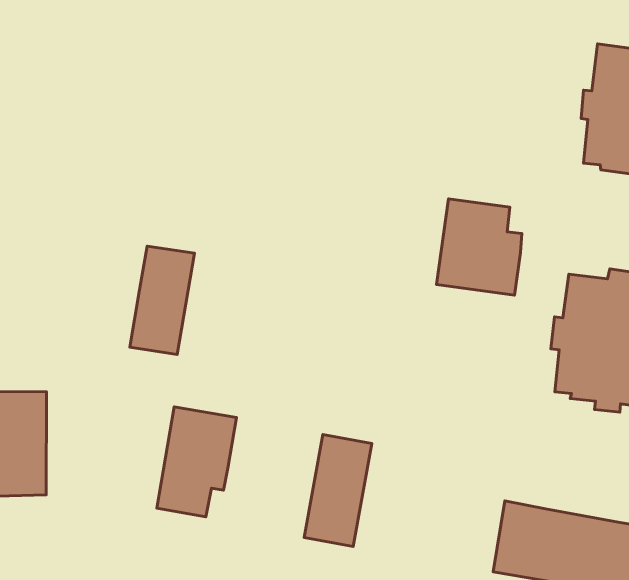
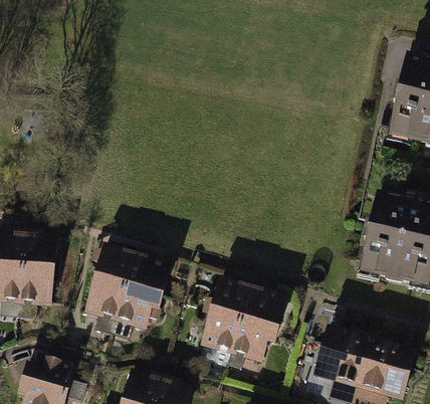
building: [437,199,522,295] -> none
building: [130,246,194,355] -> [86,250,131,318]
building: none -> [231,290,281,360]

